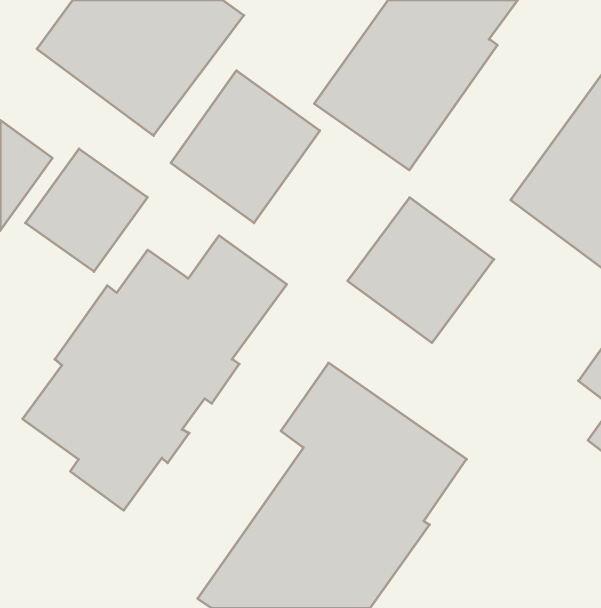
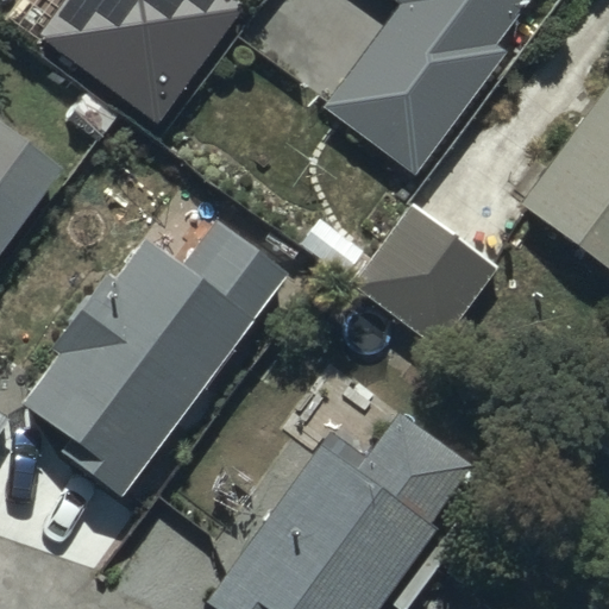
building: [171,71,320,223] -> none
building: [25,149,147,272] -> none

